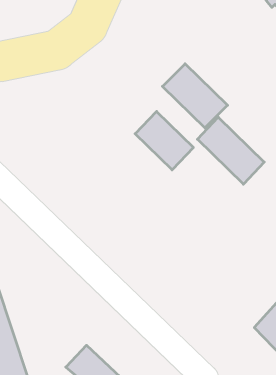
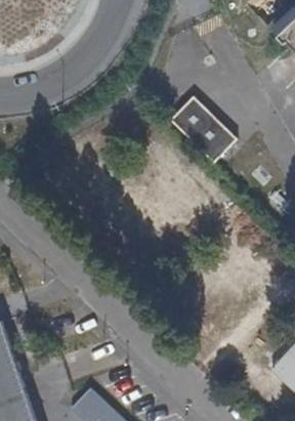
building: [135,111,193,170] -> none
building: [197,117,264,184] -> none

